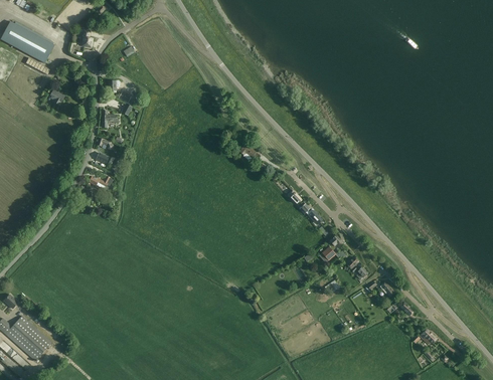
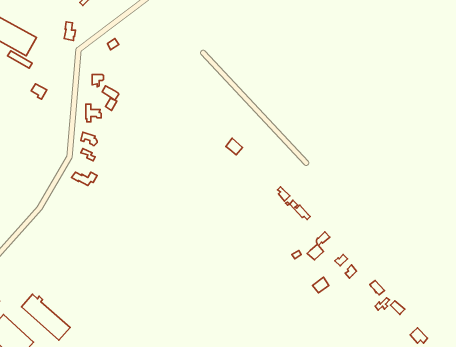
building: none -> [22,294,70,340]

